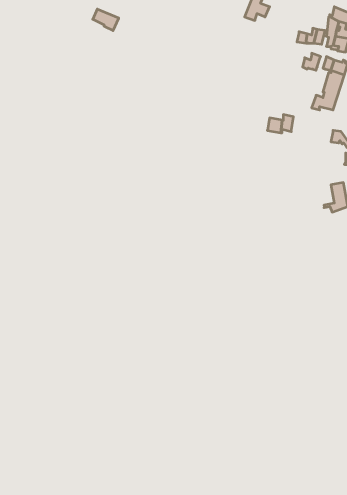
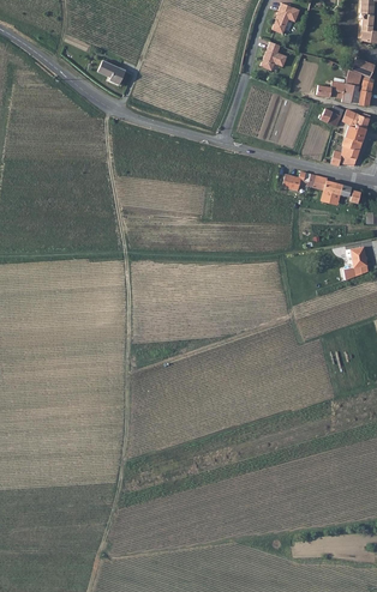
building: none -> [313,174,352,207]

